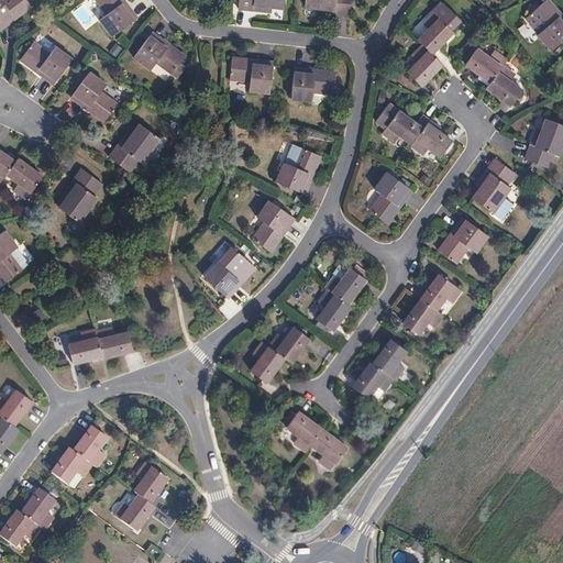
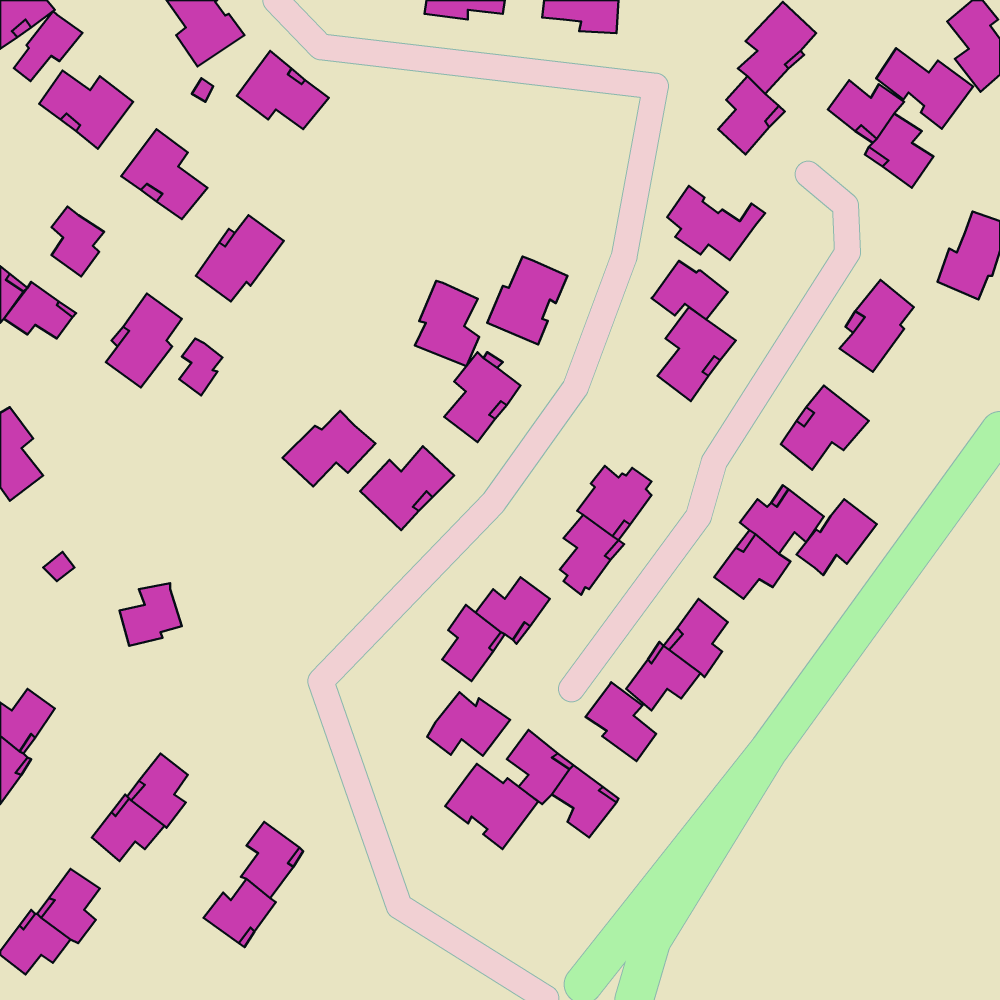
building: none -> [14,11,82,81]
building: none -> [876,48,973,129]
building: [230,56,274,93] -> none
building: [290,66,334,102] -> none
building: none -> [51,207,104,277]
building: [409,126,452,159] -> [651,261,728,320]
building: none -> [415,281,479,366]
building: none -> [179,338,223,396]
building: none -> [282,411,376,486]
building: none -> [797,499,877,575]
building: [96,325,134,354] -> none
building: none -> [586,682,656,761]
building: none -> [427,692,510,756]
building: none -> [445,764,538,849]

